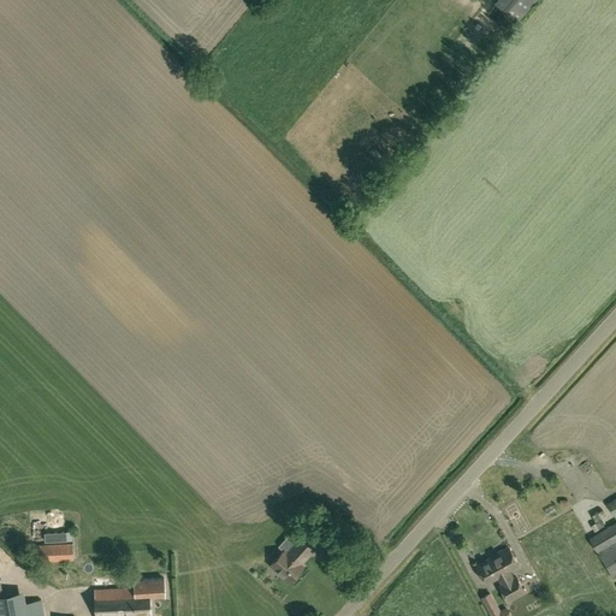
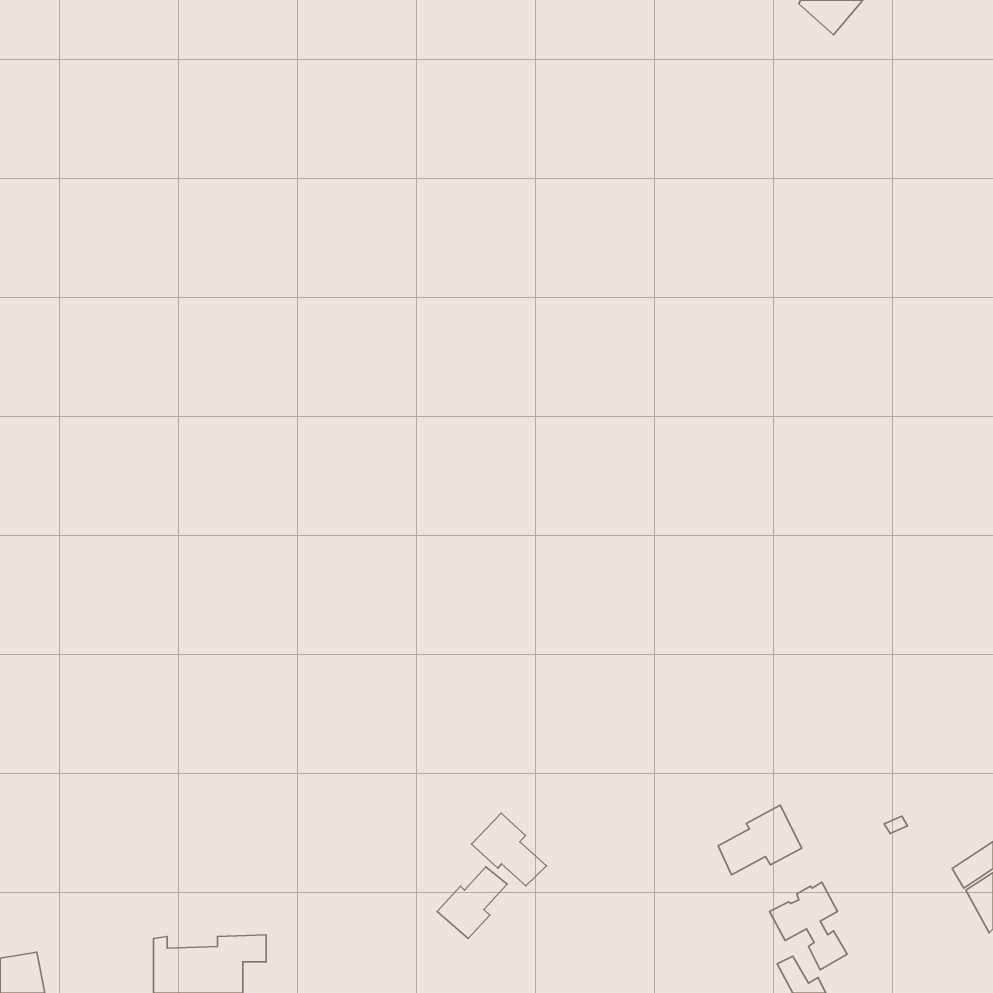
building: none -> [718,805,802,875]
building: none -> [472,813,546,886]
building: [36,543,73,561] -> none

